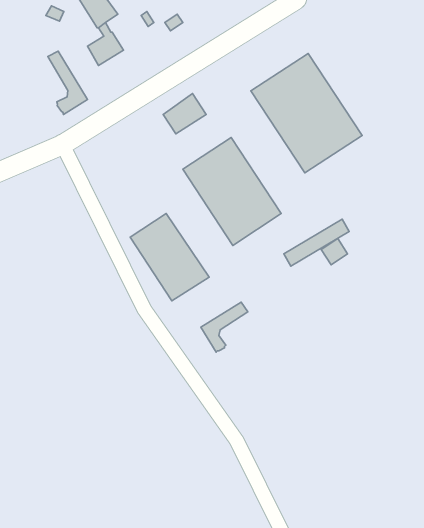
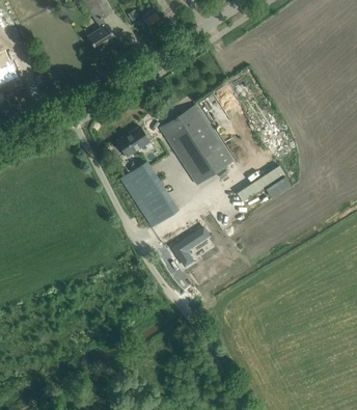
building: [48,51,88,114] -> none
building: [251,53,362,173] -> none
building: [163,94,206,134] -> [117,127,149,157]

